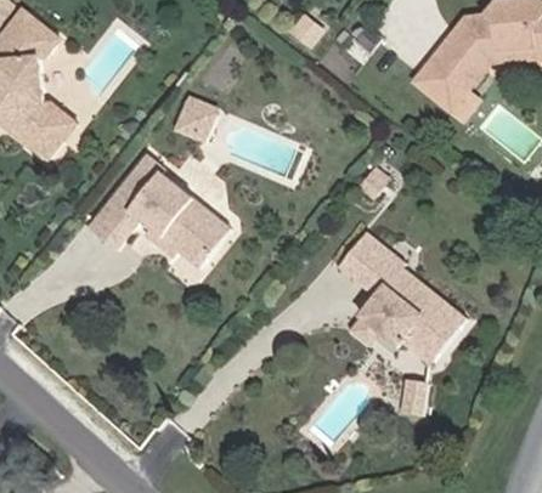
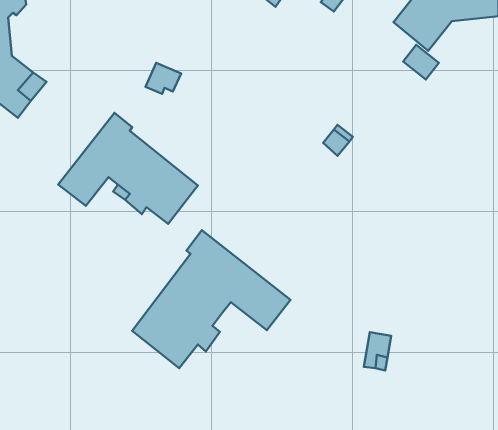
building: [338,231,467,364] -> none
building: none -> [132,230,291,368]

